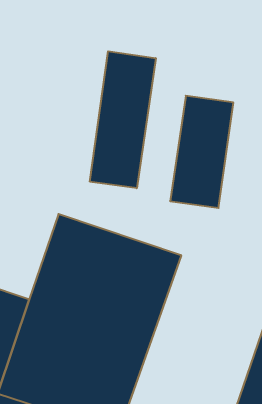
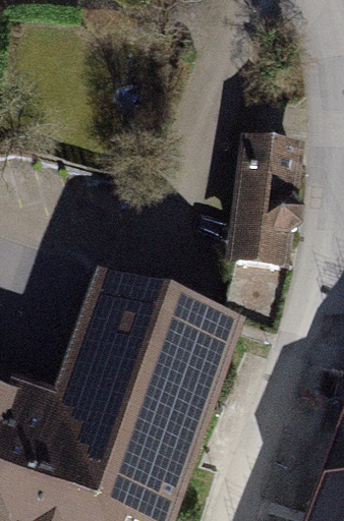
building: [90,51,156,188] -> none

